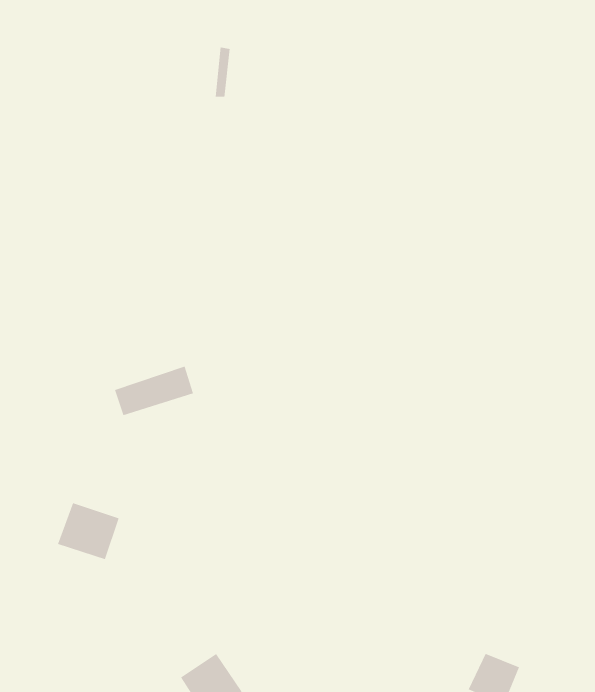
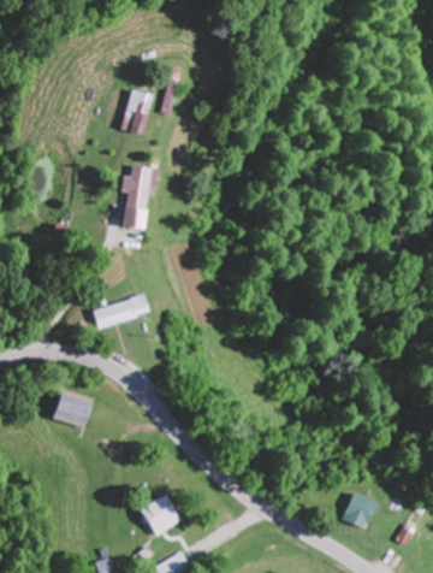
building: none -> [124,91,149,134]
building: none -> [123,166,149,229]

